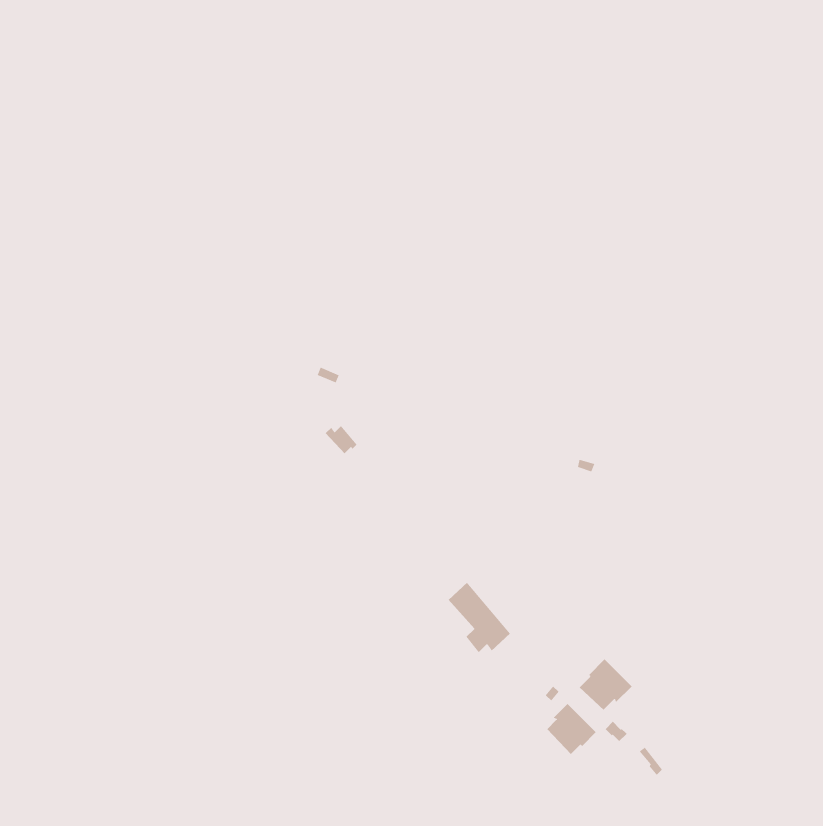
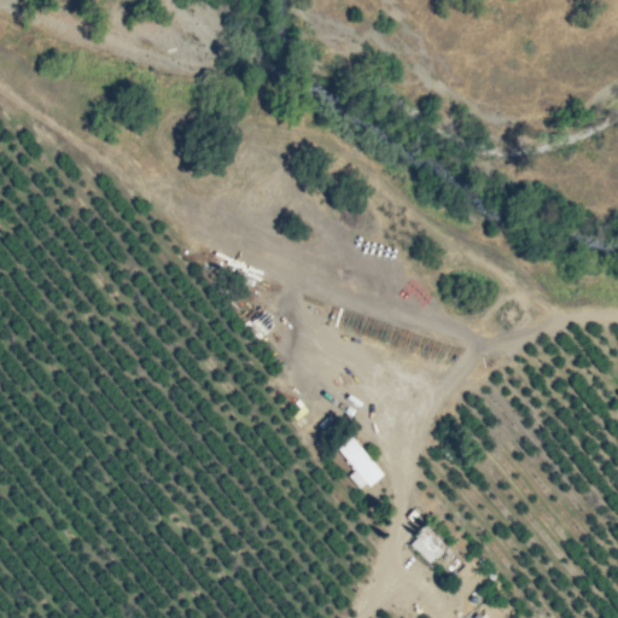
building: [579,659,632,711] -> none

